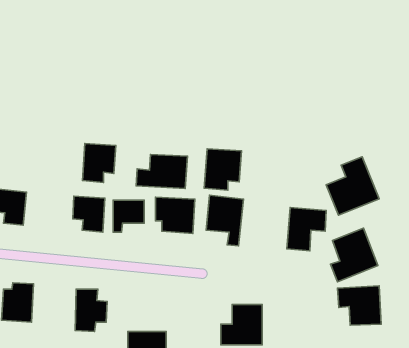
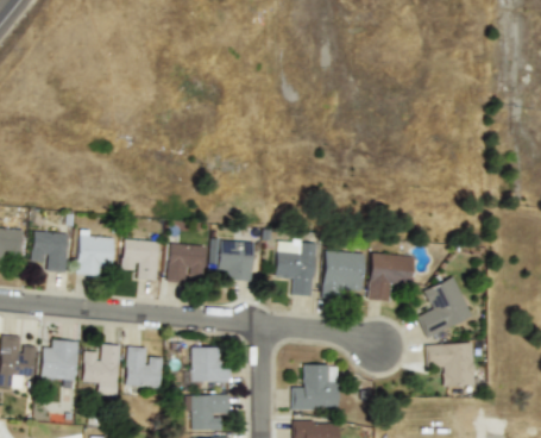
building: [83,143,116,183] -> [76,231,114,276]
building: [204,149,241,190] -> [322,250,365,298]
building: [136,154,187,189] -> none
building: [326,157,379,215] -> none
building: none -> [81,344,119,384]
building: none -> [185,346,231,386]

